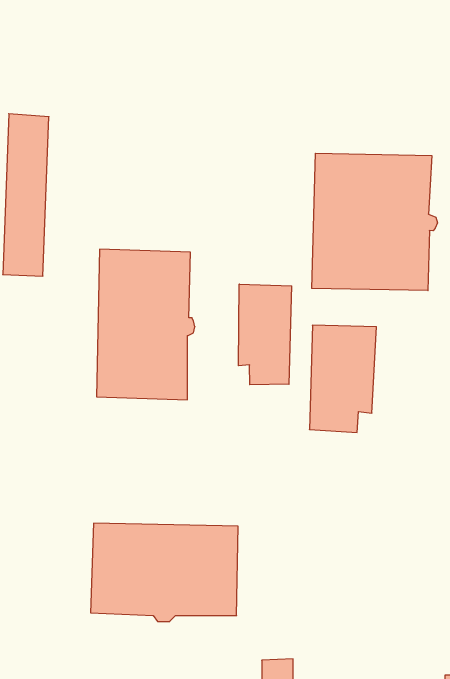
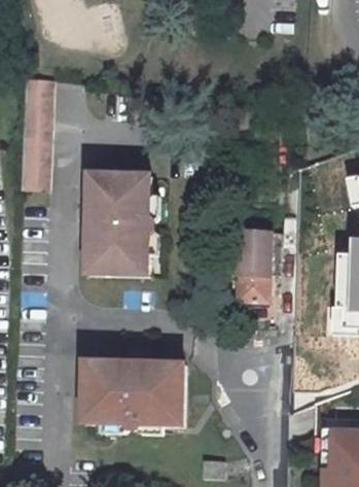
building: [312,153,437,291] -> none
building: [239,284,292,385] -> none

